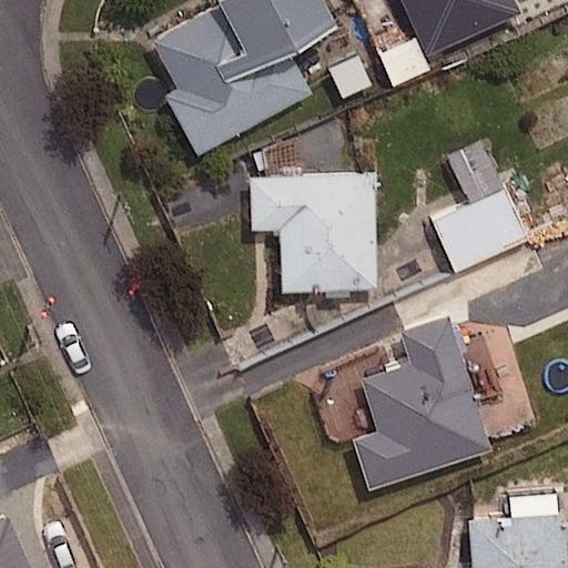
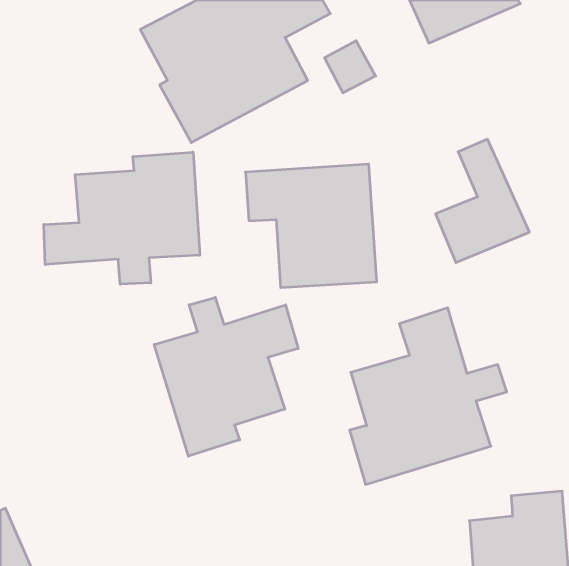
building: none -> [44,152,200,284]
building: none -> [154,297,298,456]

